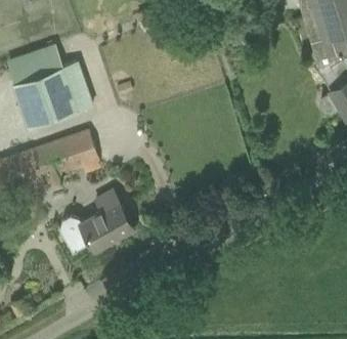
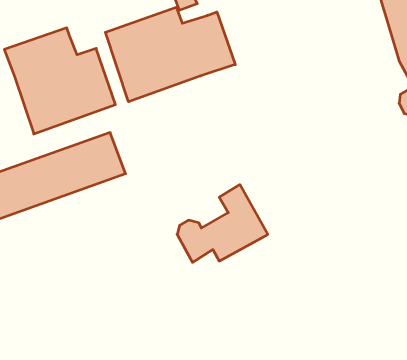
building: none -> [105,7,235,102]
building: [61,189,134,252] -> [177,185,268,262]

